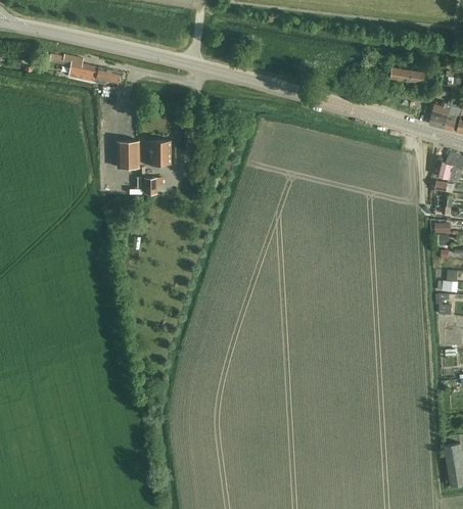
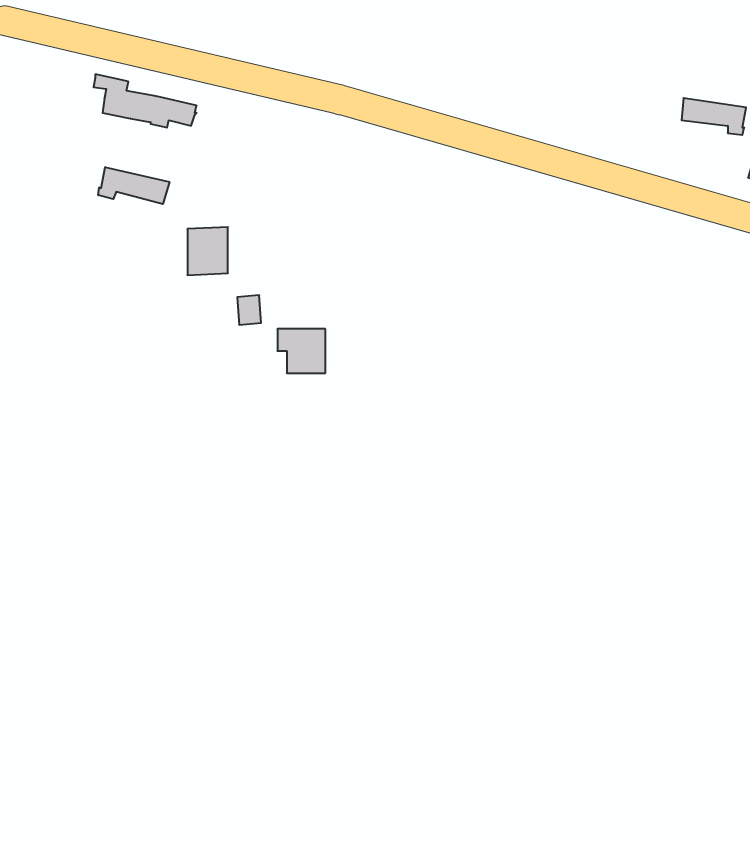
building: none -> [98,167,169,204]
building: [143,139,170,164] -> [277,329,325,373]

